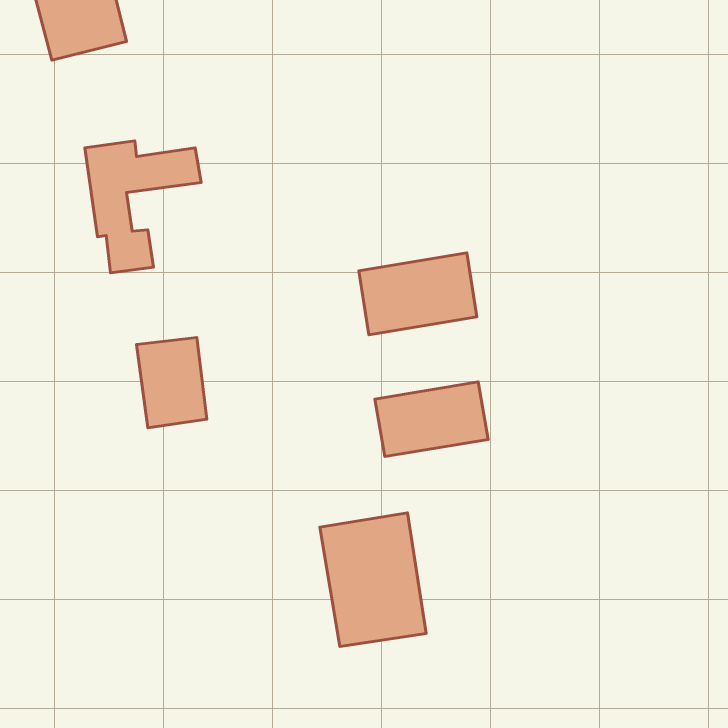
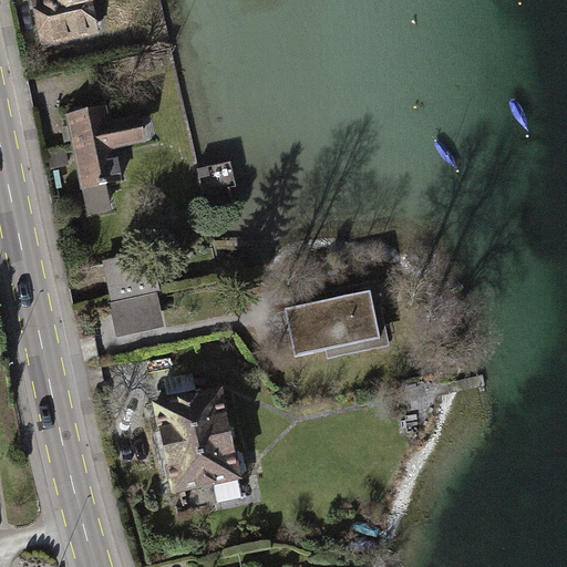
building: [359,253,477,335] -> none
building: [320,513,426,646] -> [157,392,239,495]

